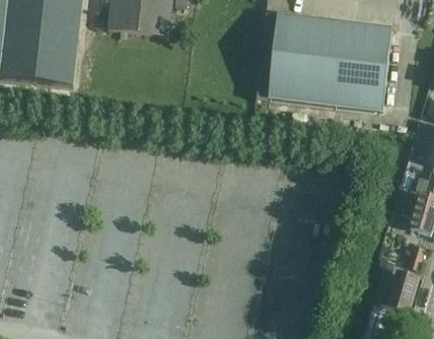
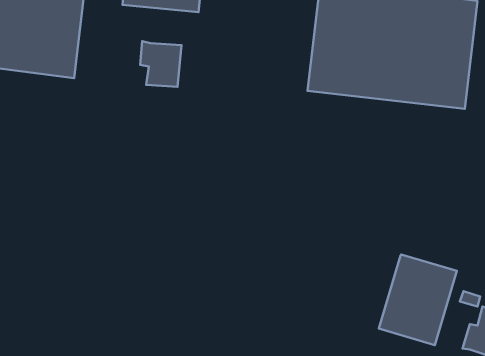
building: none -> [140,41,182,87]
building: none -> [379,254,457,345]

